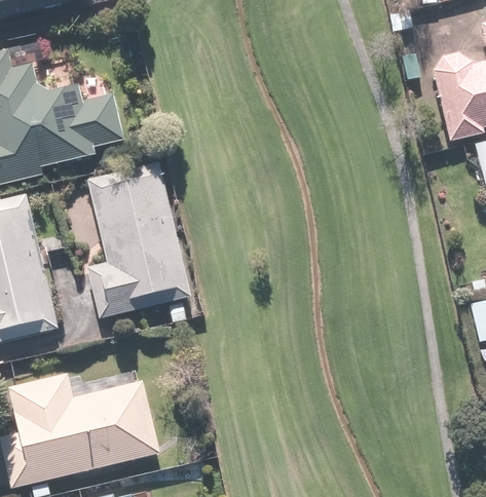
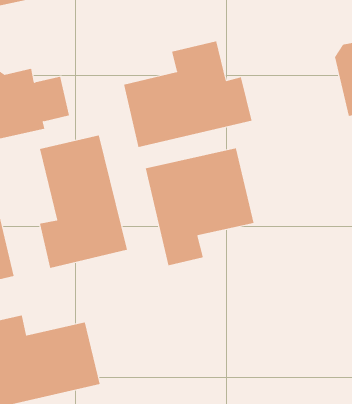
building: none -> [124,40,252,148]
building: none -> [145,148,254,266]

